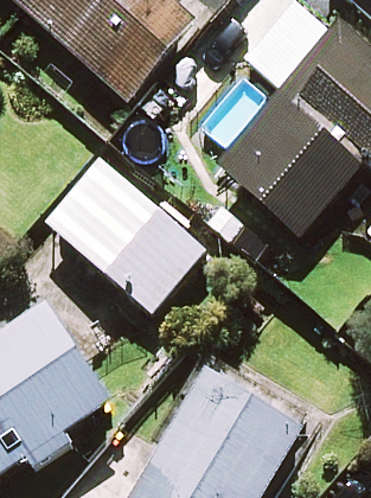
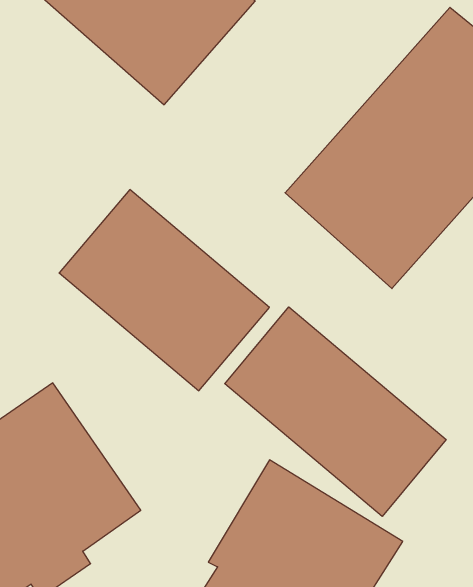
building: none -> [225,307,446,516]

